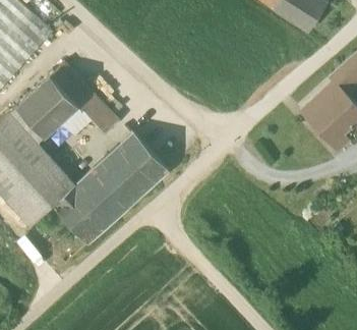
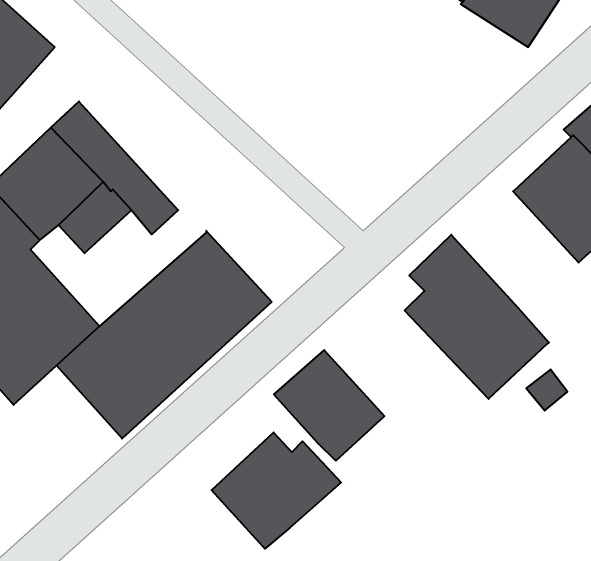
building: none -> [405,235,549,399]
building: none -> [274,350,384,461]
building: none -> [212,432,341,549]

